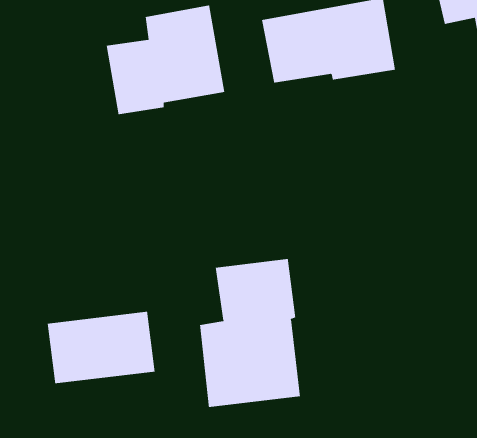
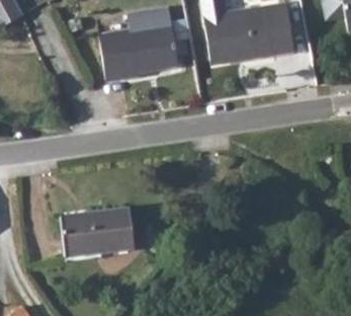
building: [199,258,301,408] -> none

